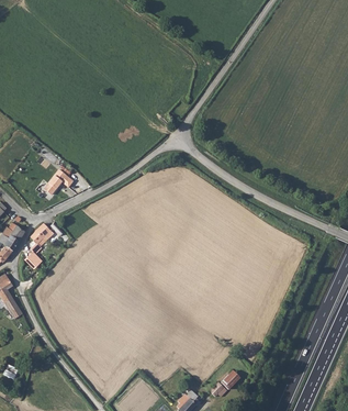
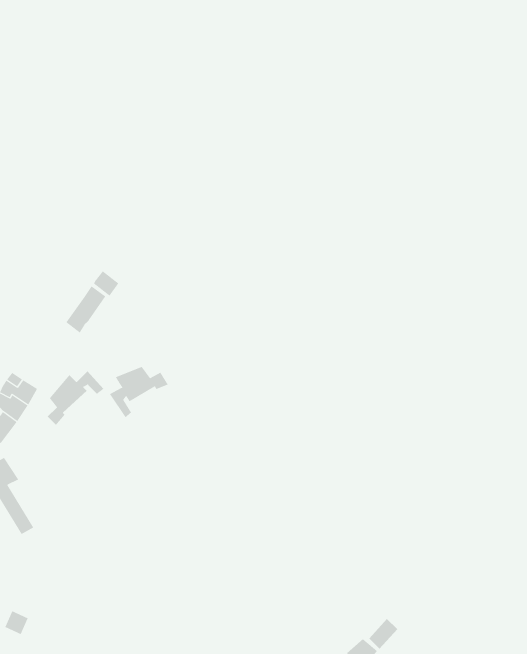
building: none -> [109,366,169,418]

